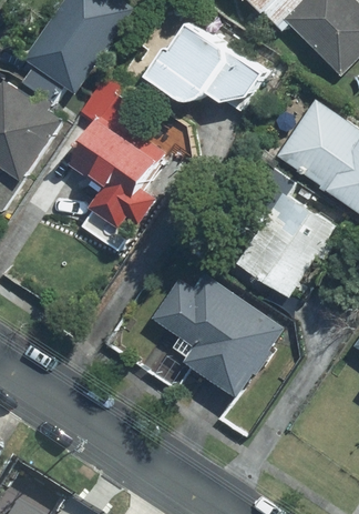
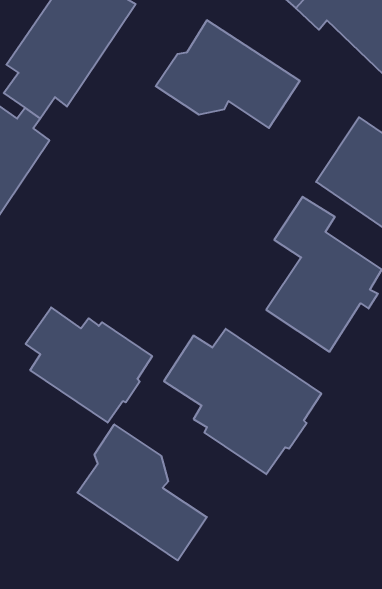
building: [69,77,163,224] -> none
building: none -> [26,307,152,423]
building: none -> [77,424,207,560]

